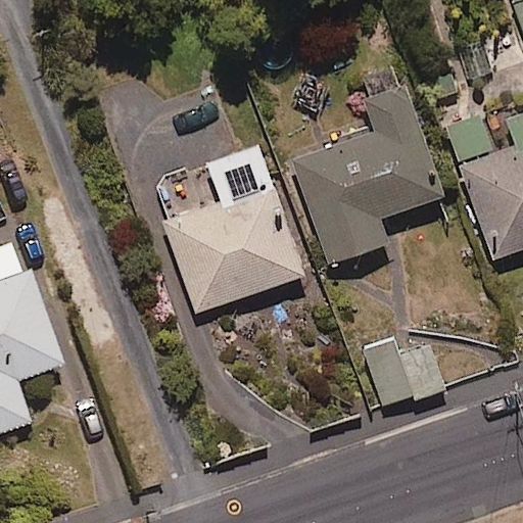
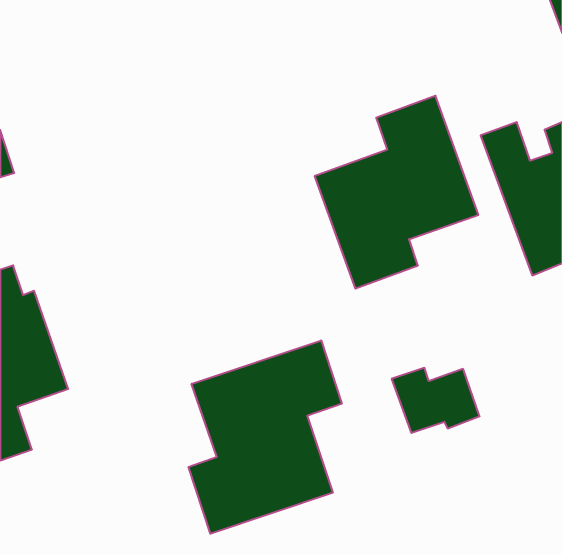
building: [163,144,303,314] -> none
building: none -> [189,340,342,534]

